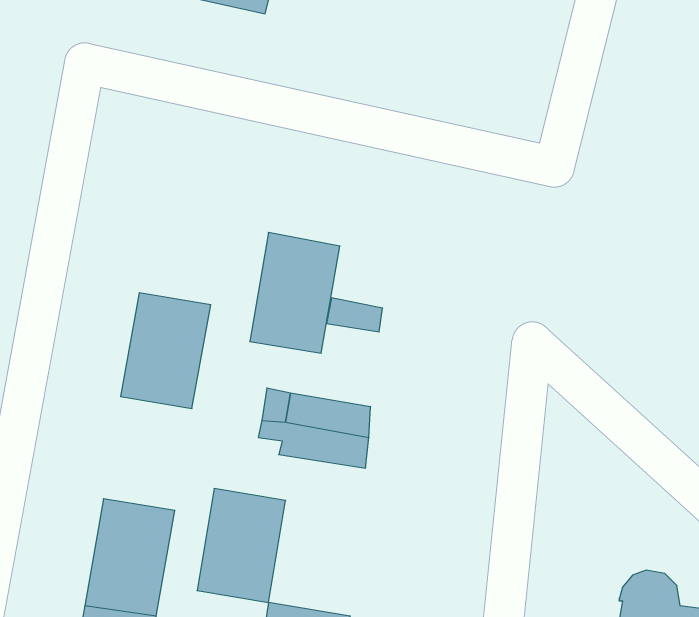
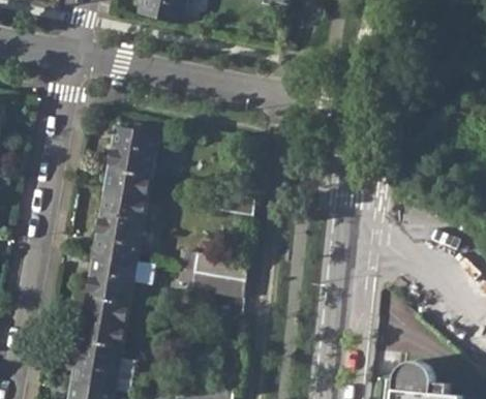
building: [250,232,340,353] -> [103,126,158,199]
building: [197,489,286,603] -> [82,255,135,325]

